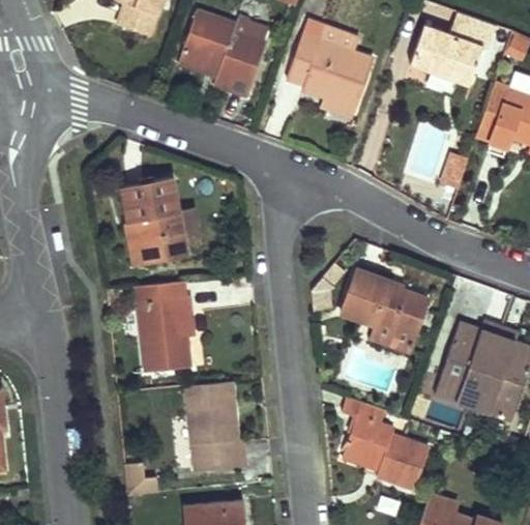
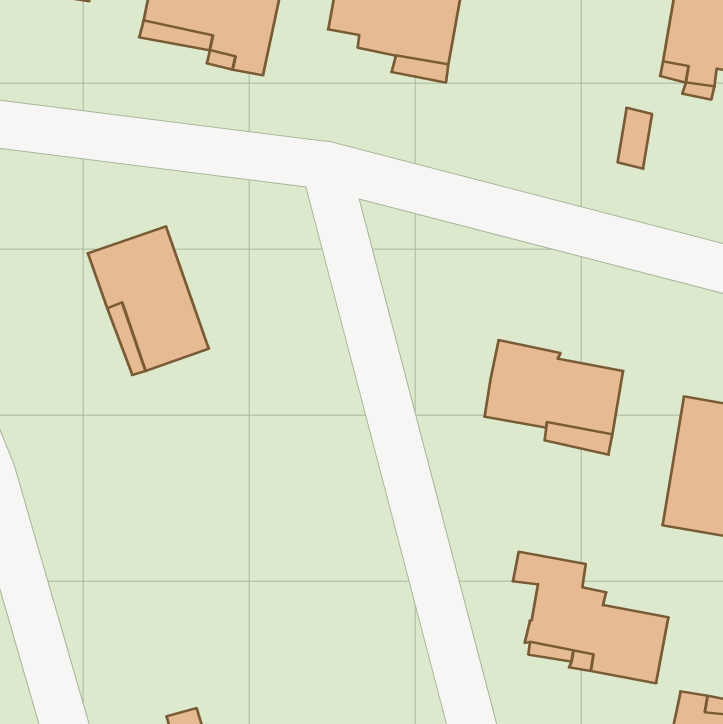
building: [140,278,193,372] -> none
building: [188,378,241,465] -> none

